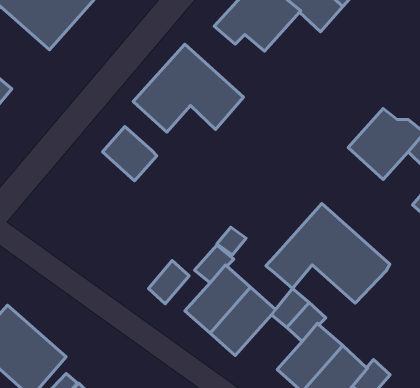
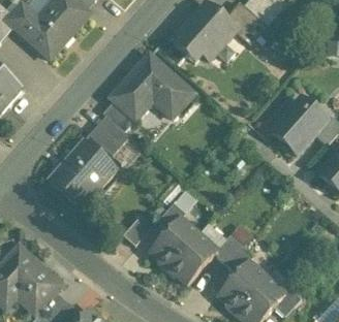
building: none -> [102,99,136,132]
building: none -> [49,139,117,207]
building: [266,204,390,303] -> none

